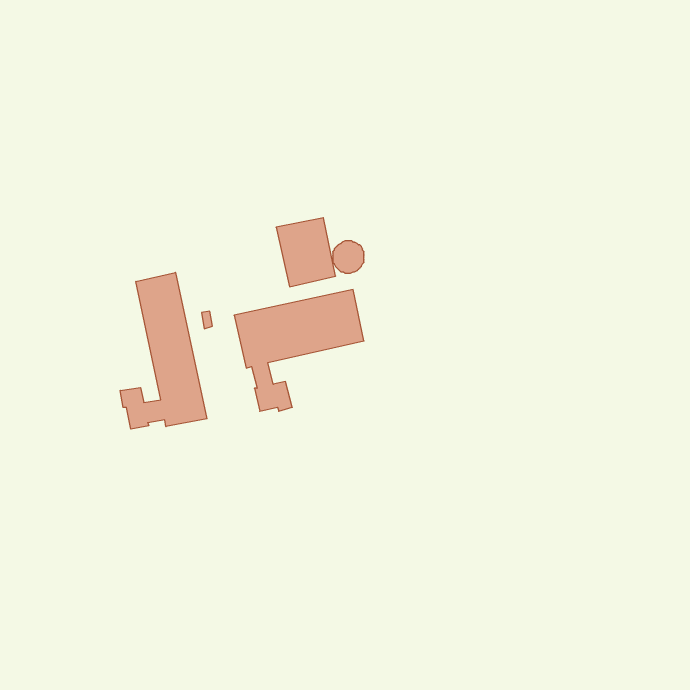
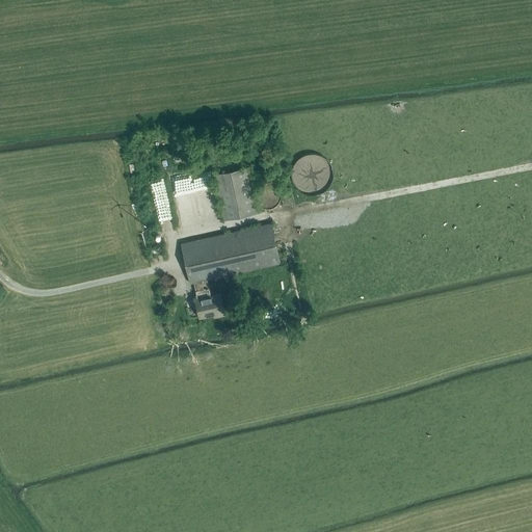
building: none -> [291,155,331,196]
building: [120,272,207,429] -> none

